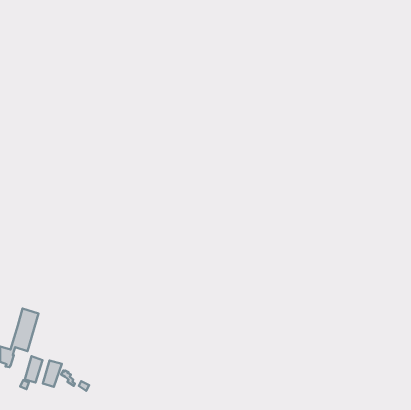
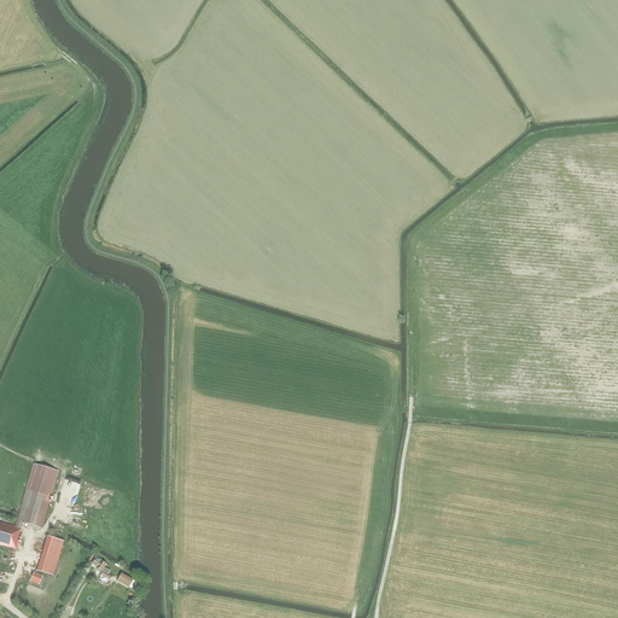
building: [43,361,62,387] -> none

